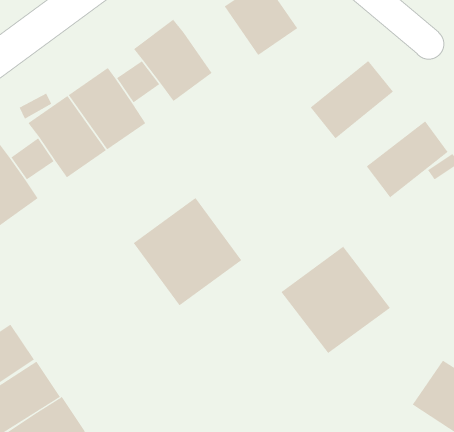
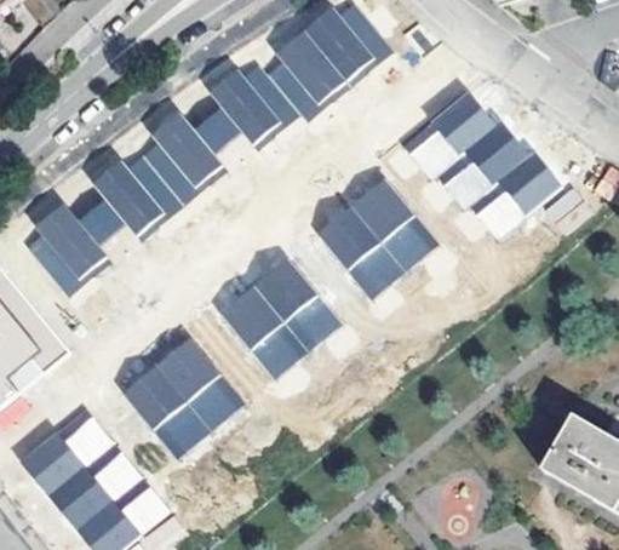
building: none -> [262,35,345,120]
building: none -> [440,120,533,210]
building: [281,246,391,354] -> [313,176,437,298]
building: none -> [120,333,243,457]

